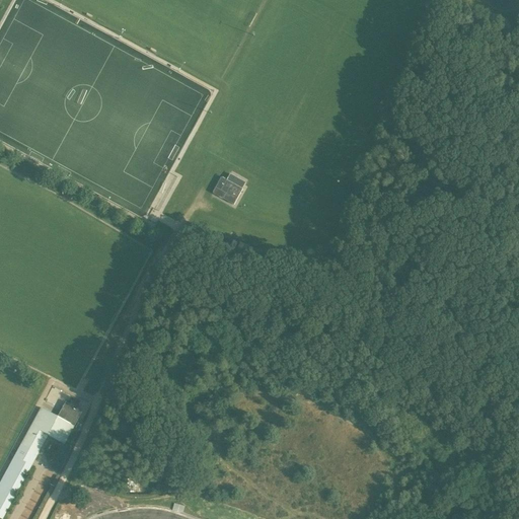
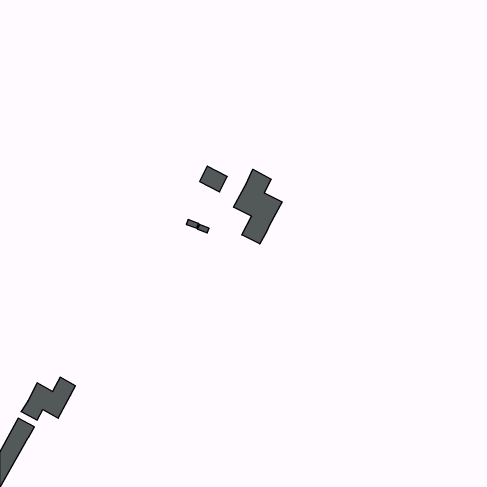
building: none -> [234,169,282,244]

